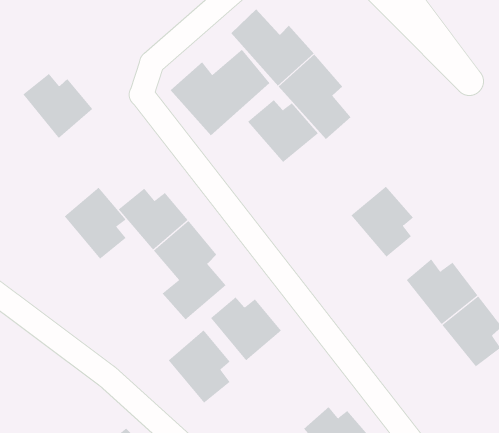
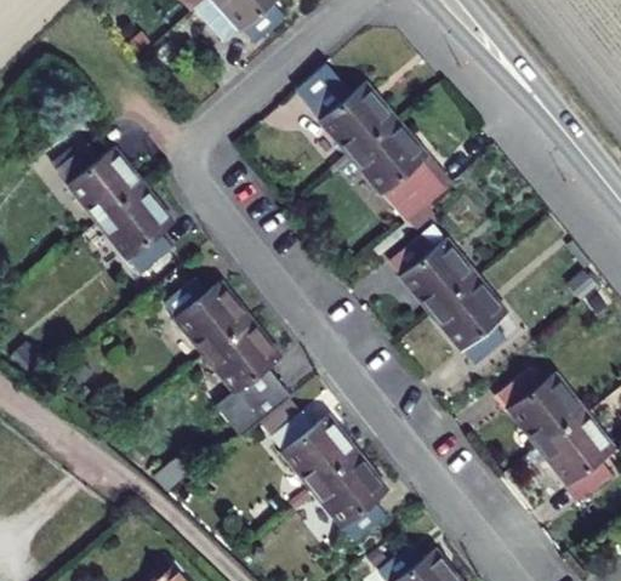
building: [170,49,270,136] -> none
building: [247,99,319,163] -> [394,238,479,313]
building: [64,187,126,259] -> [91,187,165,273]
building: [168,330,230,403] -> [313,449,387,536]

